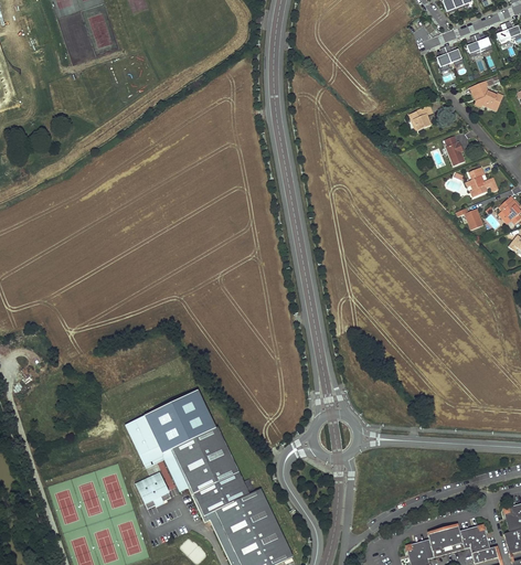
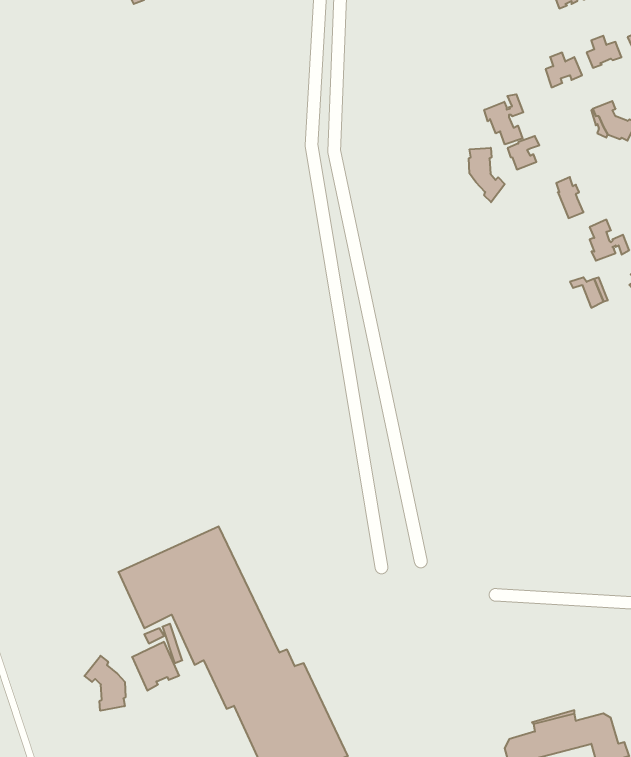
building: none -> [484,94,523,144]
building: none -> [469,148,505,202]
building: none -> [84,656,126,711]

